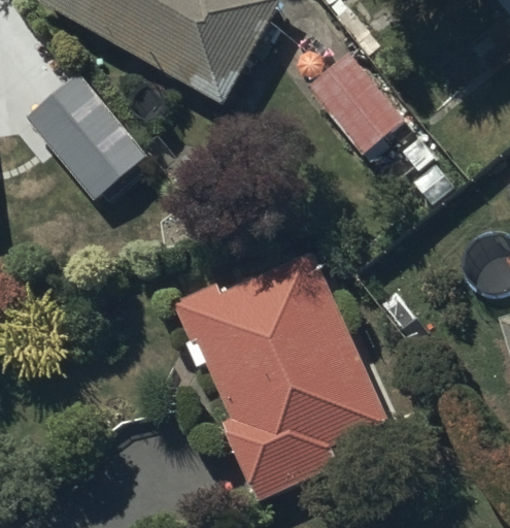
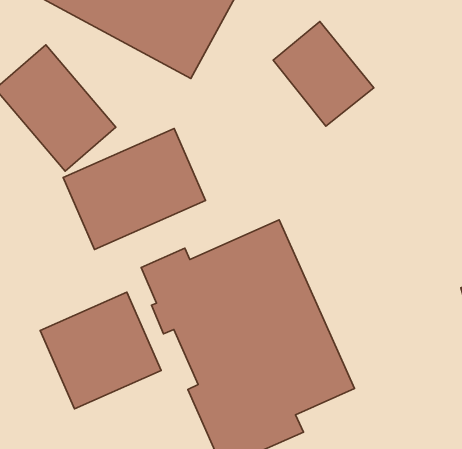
building: none -> [63,129,206,249]
building: none -> [40,292,161,409]

